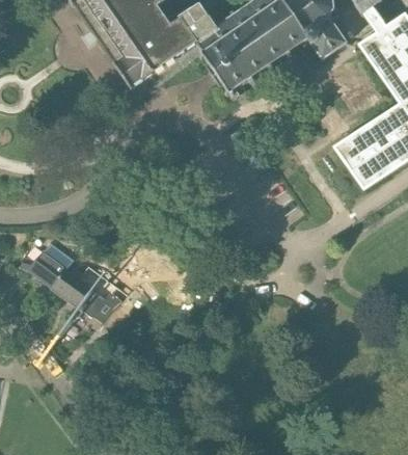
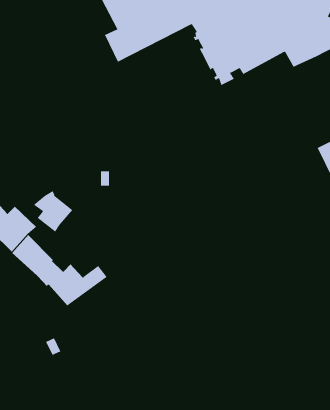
building: none -> [33,190,73,233]

